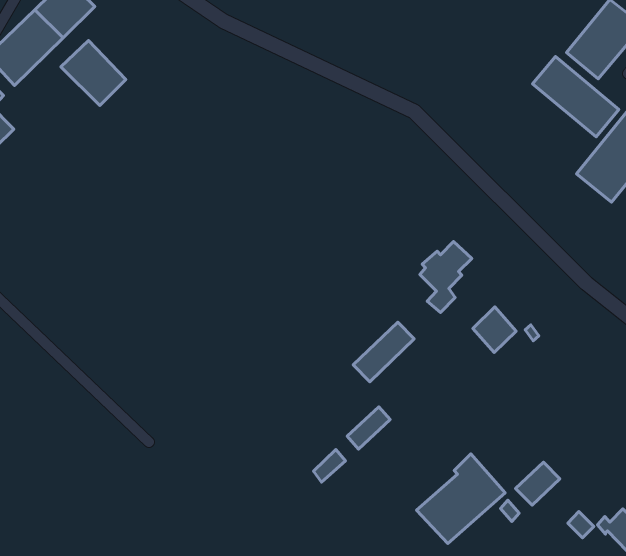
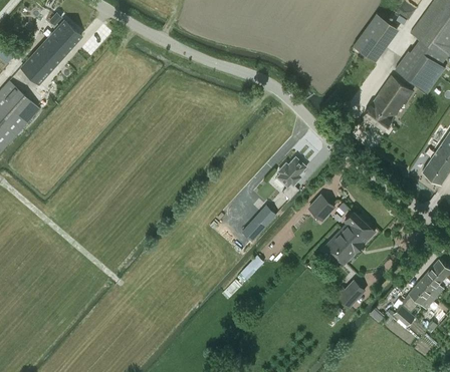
building: [61,41,126,105] -> none
building: [533,57,619,137] -> none
building: [417,454,505,544] -> [324,212,375,264]

